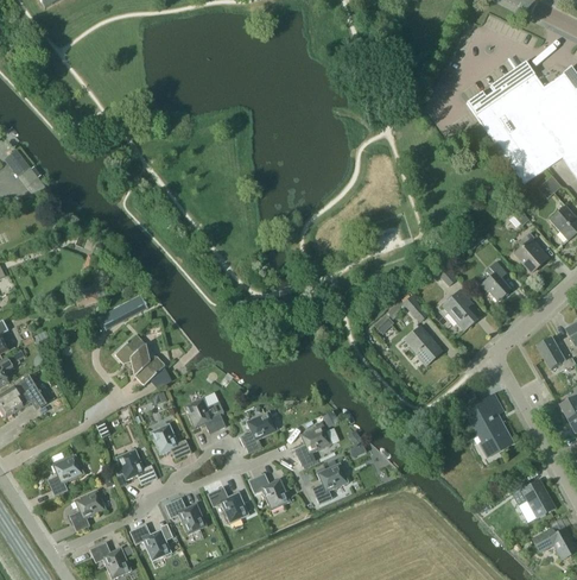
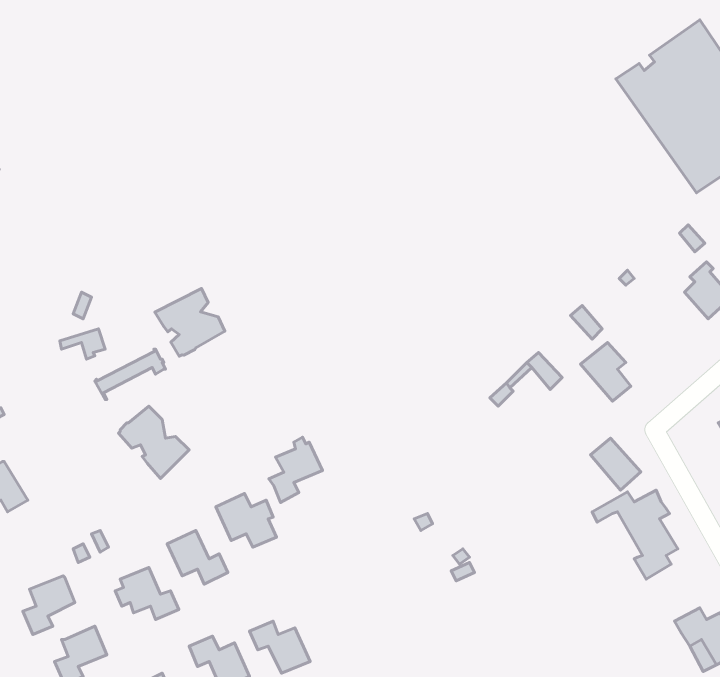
building: none -> [155,288,225,356]
building: [480,260,511,302] -> none
building: [405,327,440,364] -> [590,438,641,490]
building: [240,406,278,453] -> [269,437,322,502]
building: [294,423,331,466] -> none
building: [311,461,348,504] -> none
building: [248,473,290,510] -> none

